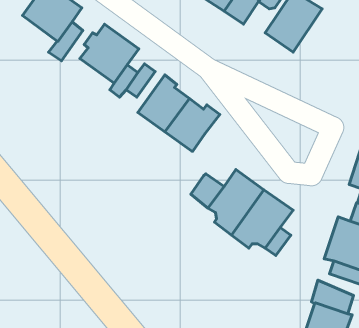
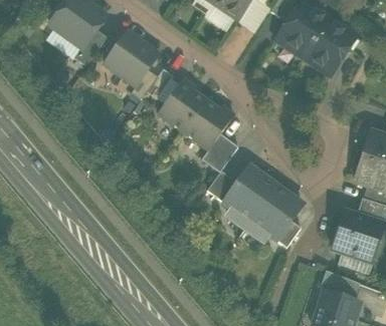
building: none -> [303,17,357,75]
building: none -> [201,133,238,173]

